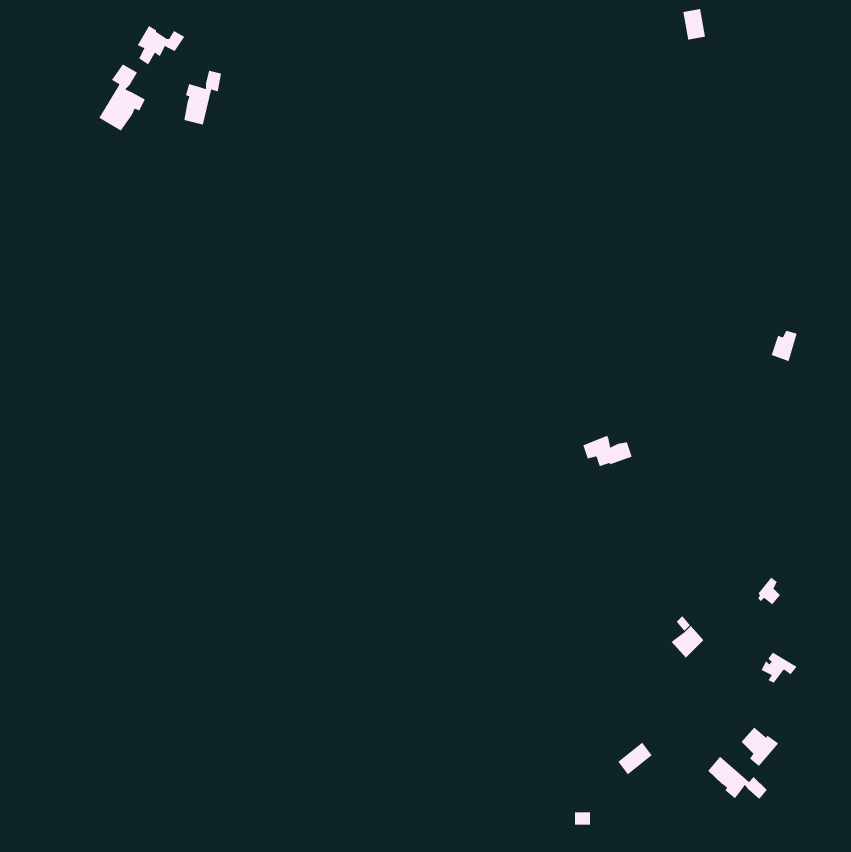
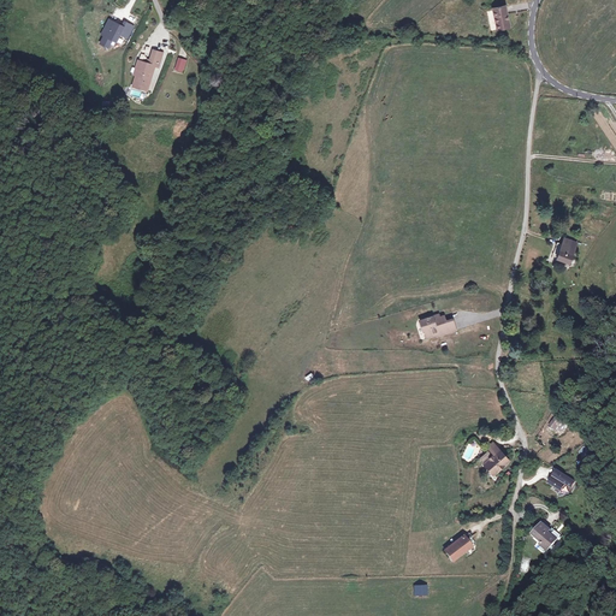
building: [98,64,146,131] -> none
building: [708,756,768,800] -> none

